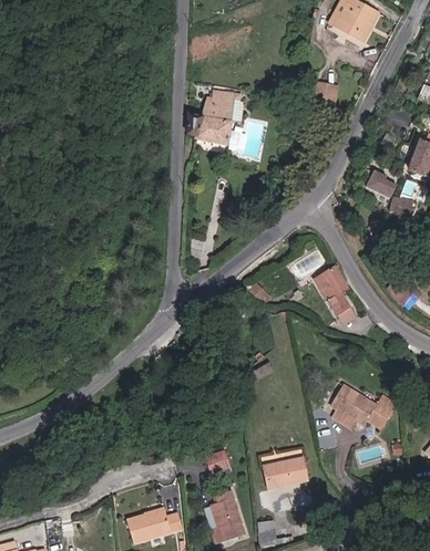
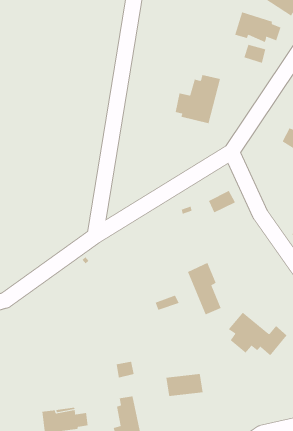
building: none -> [235,11,281,43]
building: [190,89,237,143] -> [175,75,221,124]
building: [314,264,357,324] -> [187,262,222,315]

